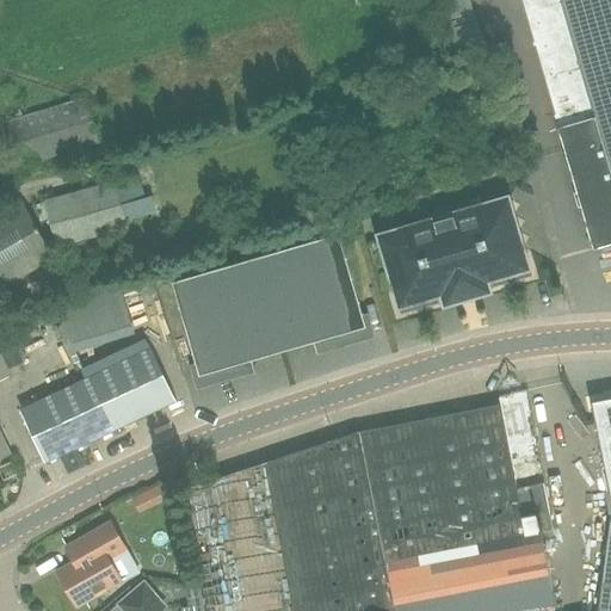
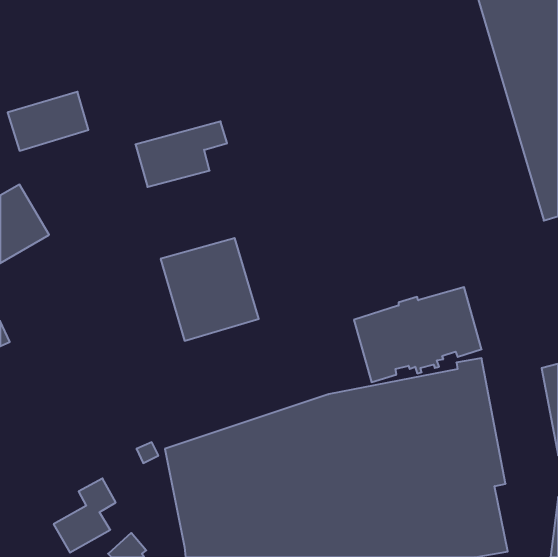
building: [45,174,146,246] -> [135,121,227,187]
building: [387,208,526,311] -> [354,287,482,382]
building: [257,236,364,348] -> none
building: [21,350,175,462] -> none

